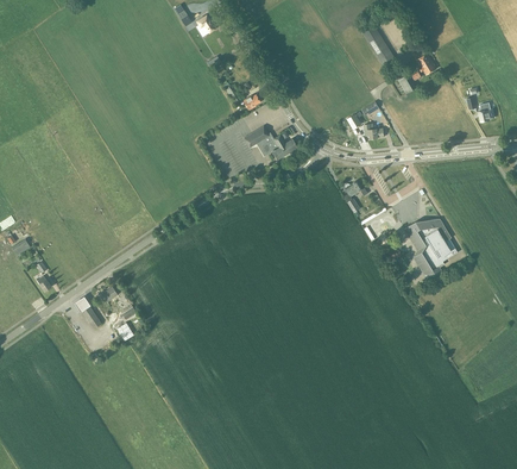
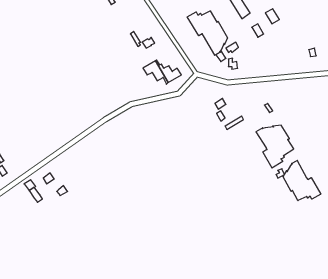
building: none -> [187,11,228,55]
building: none -> [283,160,321,201]

